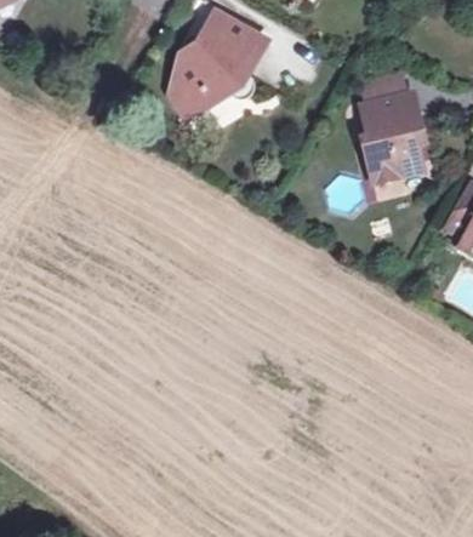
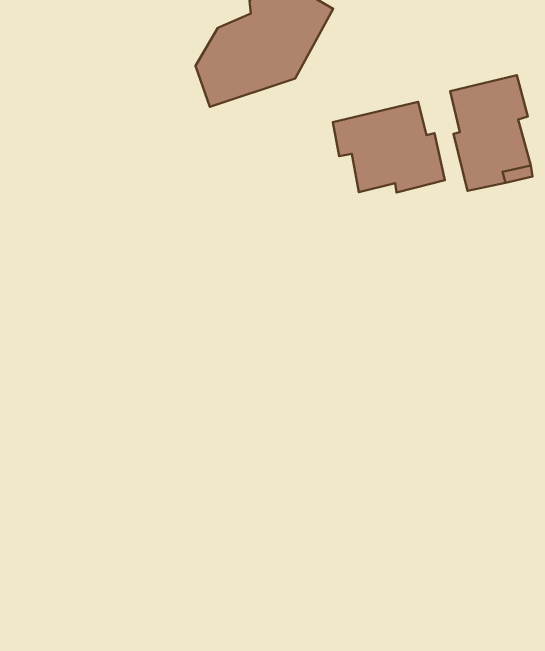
building: none -> [333,102,445,192]

